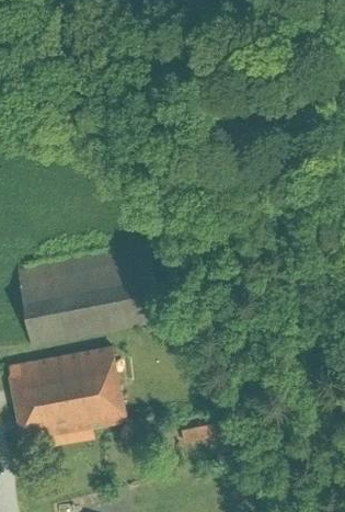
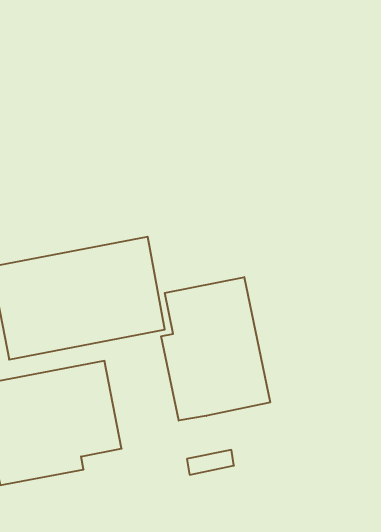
building: none -> [161,277,270,421]

